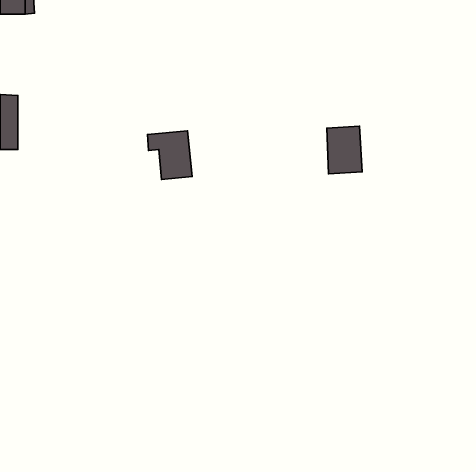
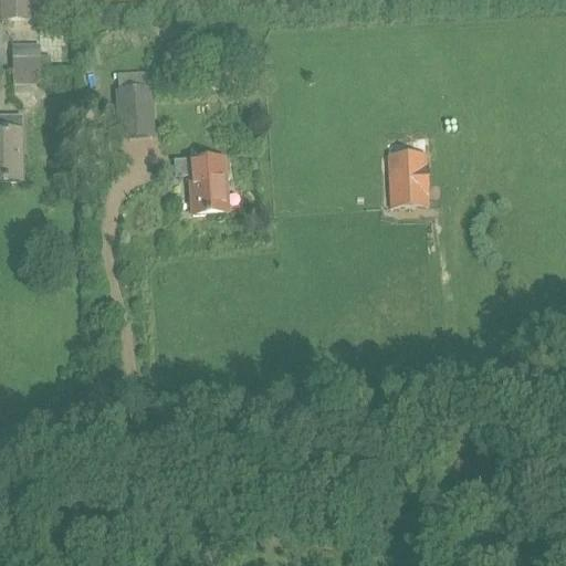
building: none -> [12,40,42,82]
building: none -> [115,67,156,136]

